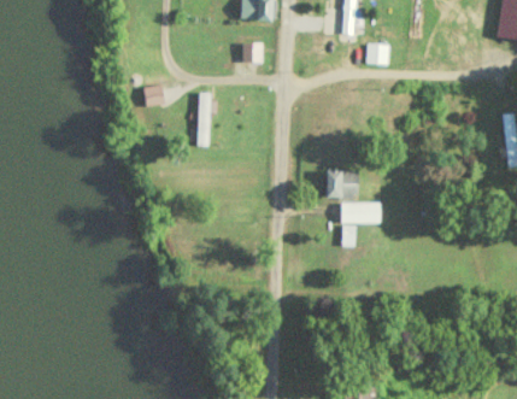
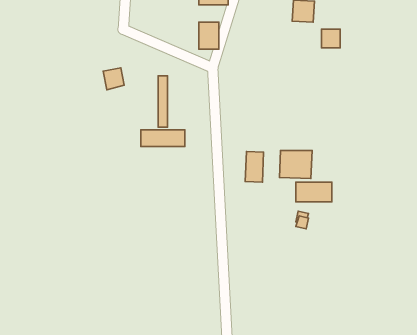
building: none -> [141,130,185,147]
building: none -> [245,151,264,182]

